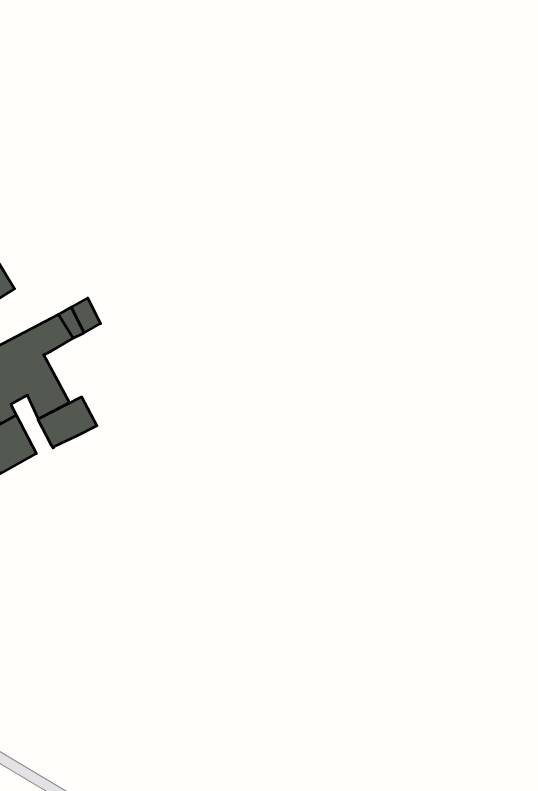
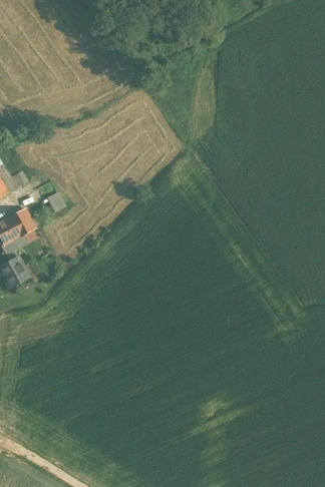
building: [38,397,97,448] -> none

